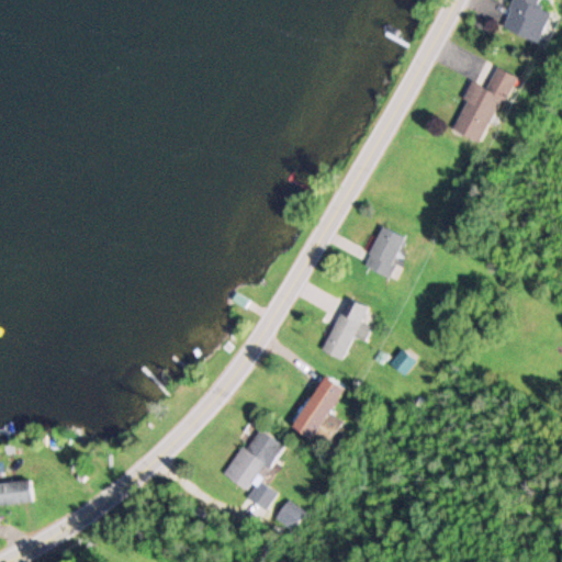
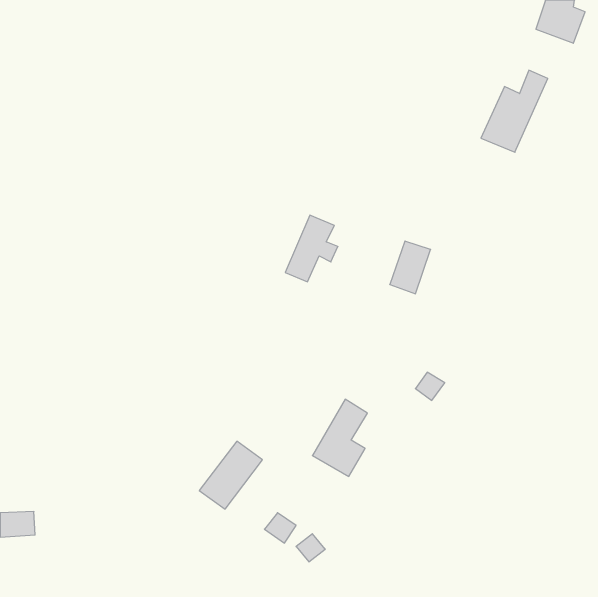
building: [323,297,372,360] -> [285,215,338,282]
building: [224,428,283,492] -> [199,441,262,509]

